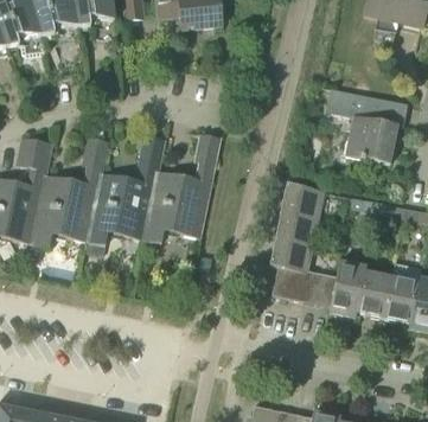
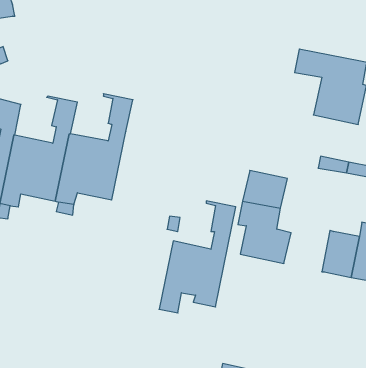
building: [142,130,219,243] -> [159,201,236,313]
building: [281,181,325,218] -> none
building: [315,260,366,318] -> none

